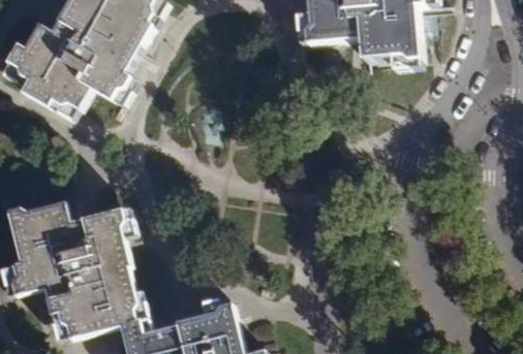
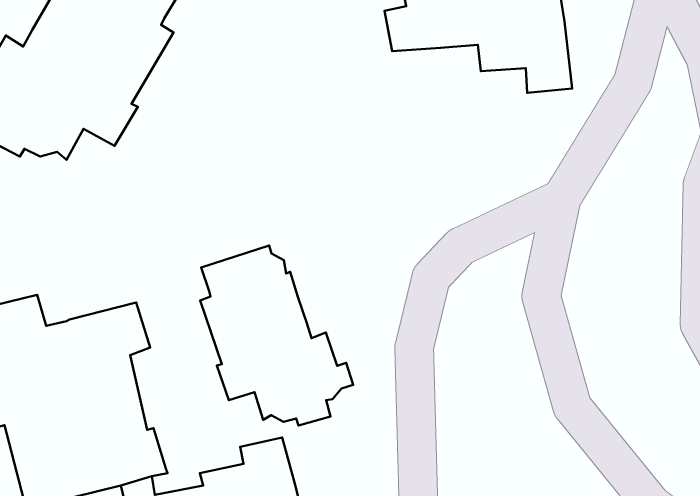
building: none -> [200,245,353,426]

